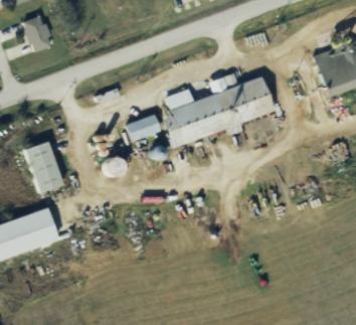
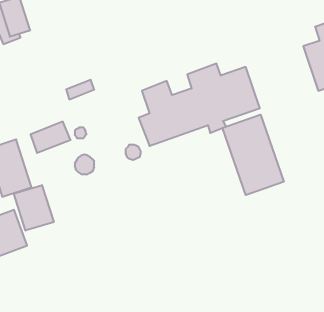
building: [125,113,162,142] -> [30,122,71,153]
building: none -> [222,115,284,195]
building: none -> [14,185,54,231]

